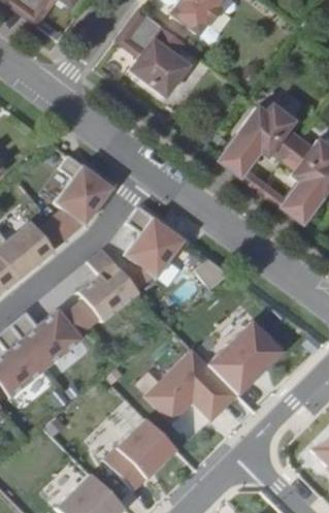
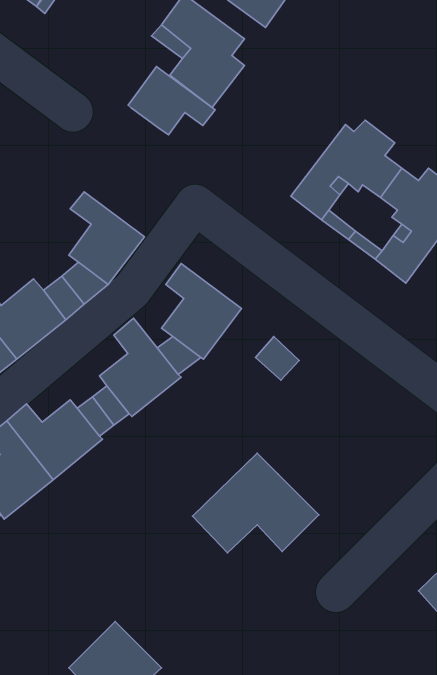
building: none -> [128,66,215,135]
building: [210,320,284,393] -> none
building: [105,417,176,488] -> none

